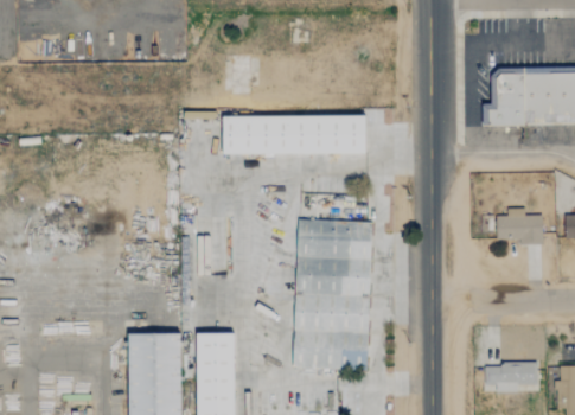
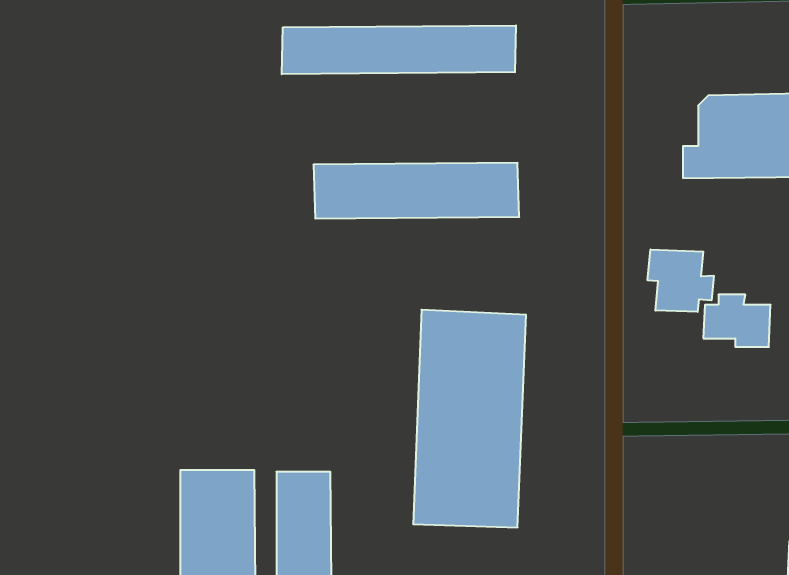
building: none -> [282,25,516,74]
building: none -> [648,249,714,312]
building: [484,363,537,391] -> none

